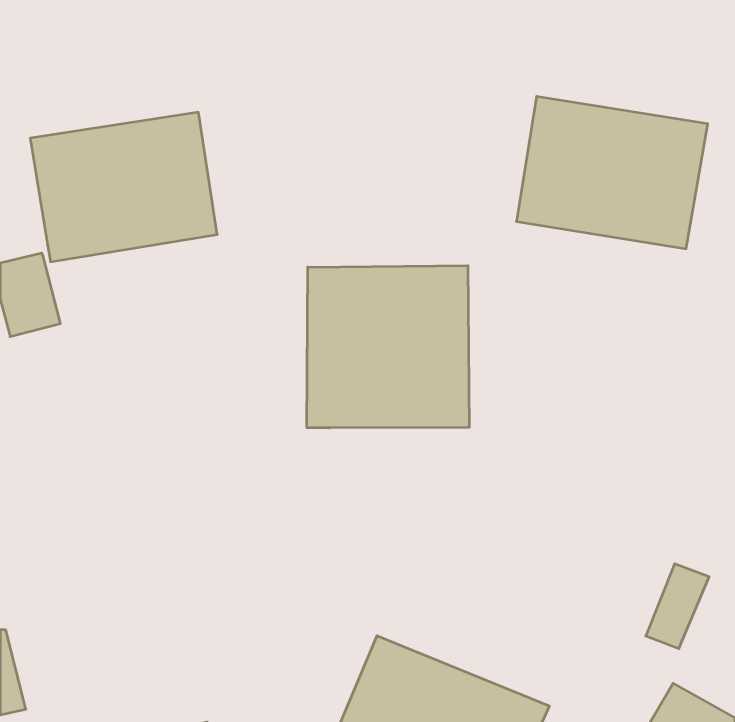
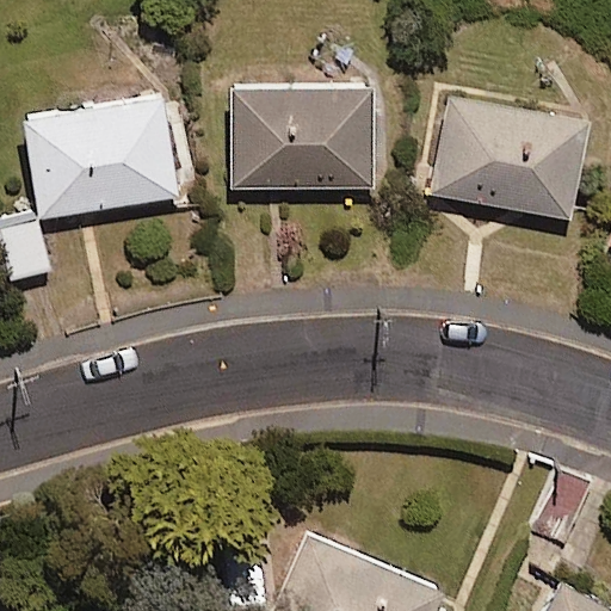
building: none -> [229,81,371,187]
building: [307,266,469,428] -> none

